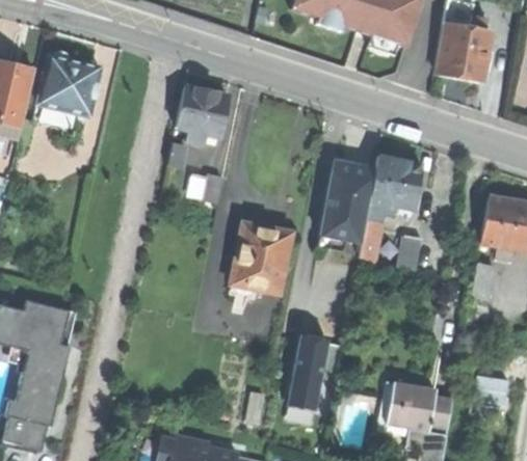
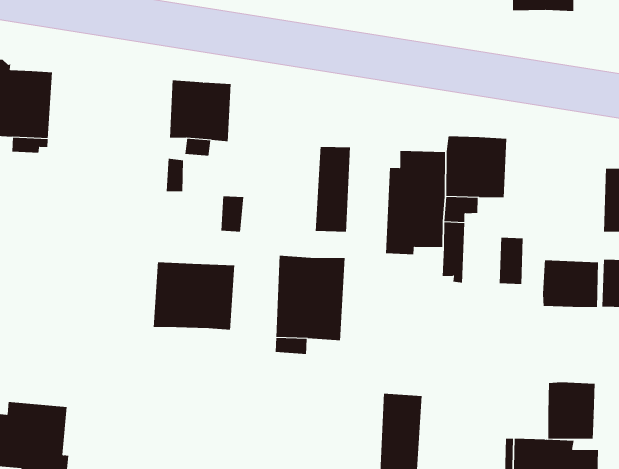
building: none -> [315,146,351,233]
building: none -> [153,261,235,331]
building: none -> [542,260,598,308]
building: none -> [548,382,595,440]

